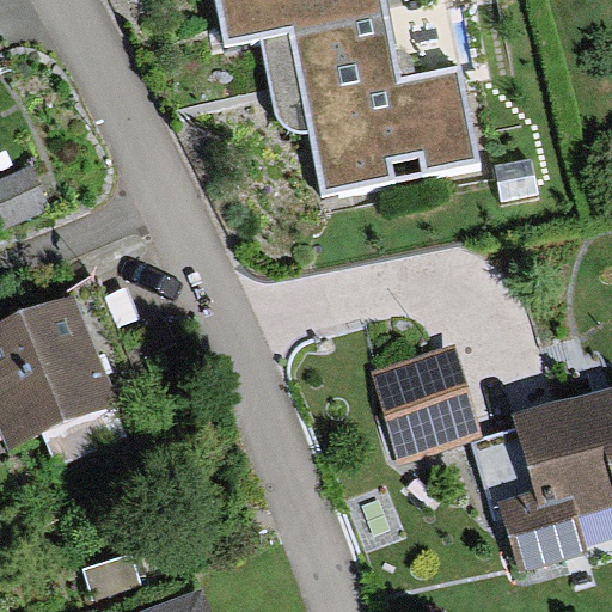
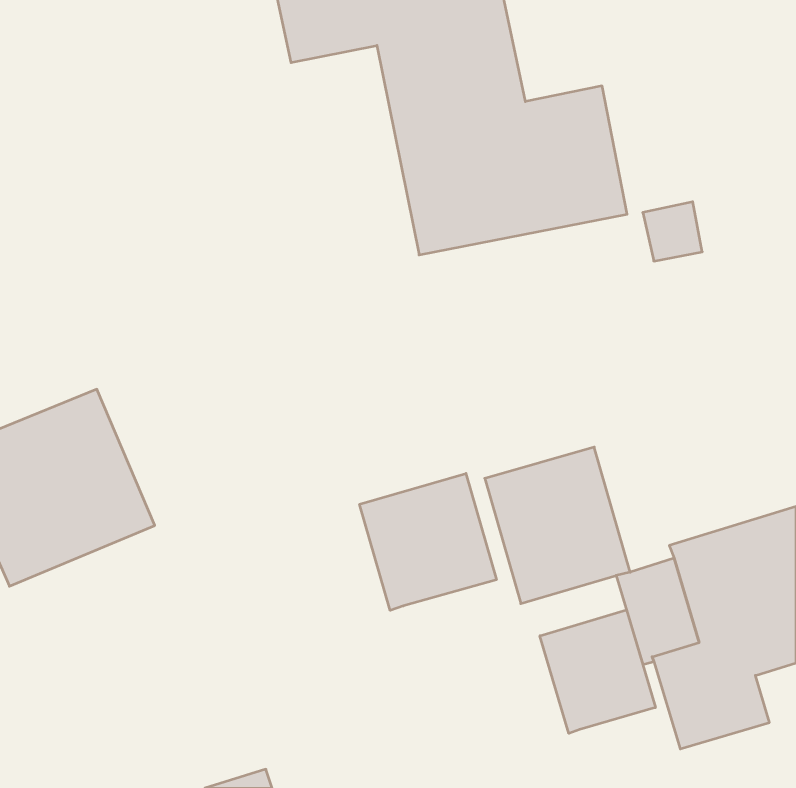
building: none -> [360,473,496,610]
building: none -> [540,610,655,733]

